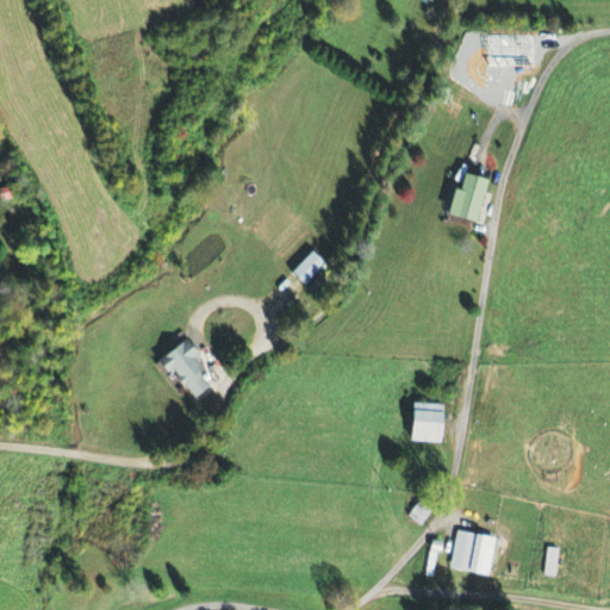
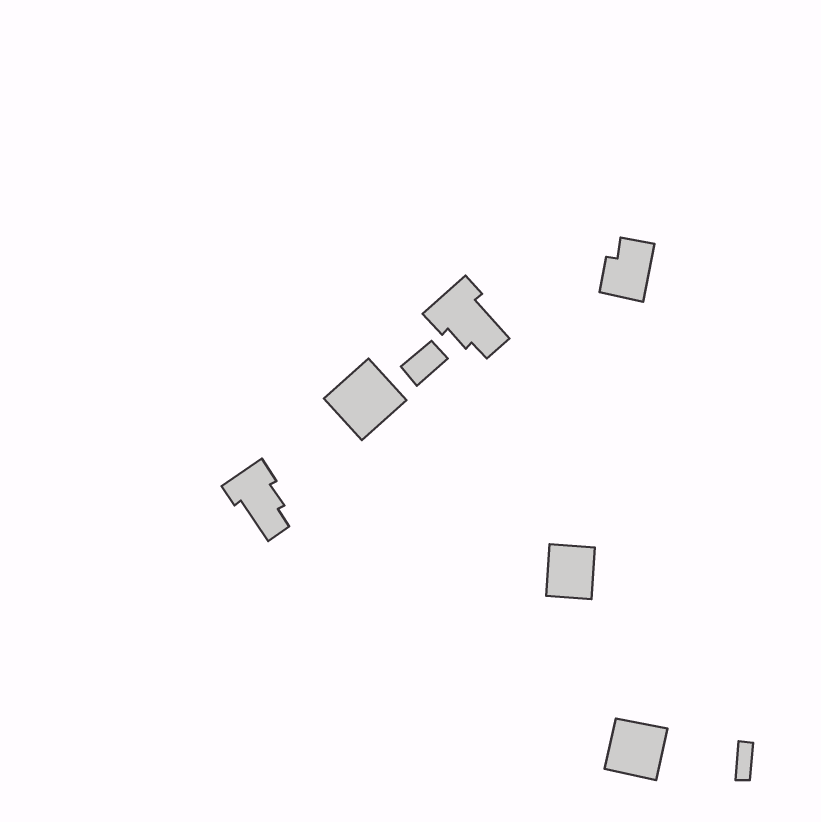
building: none -> [422,275,510,359]
building: none -> [324,358,406,440]

